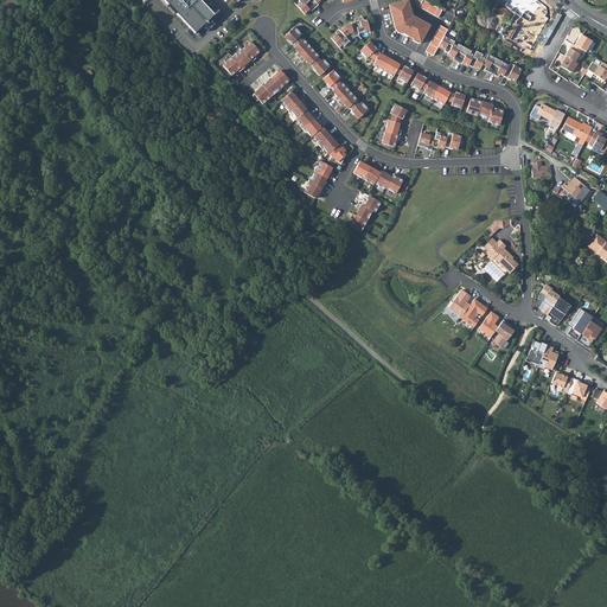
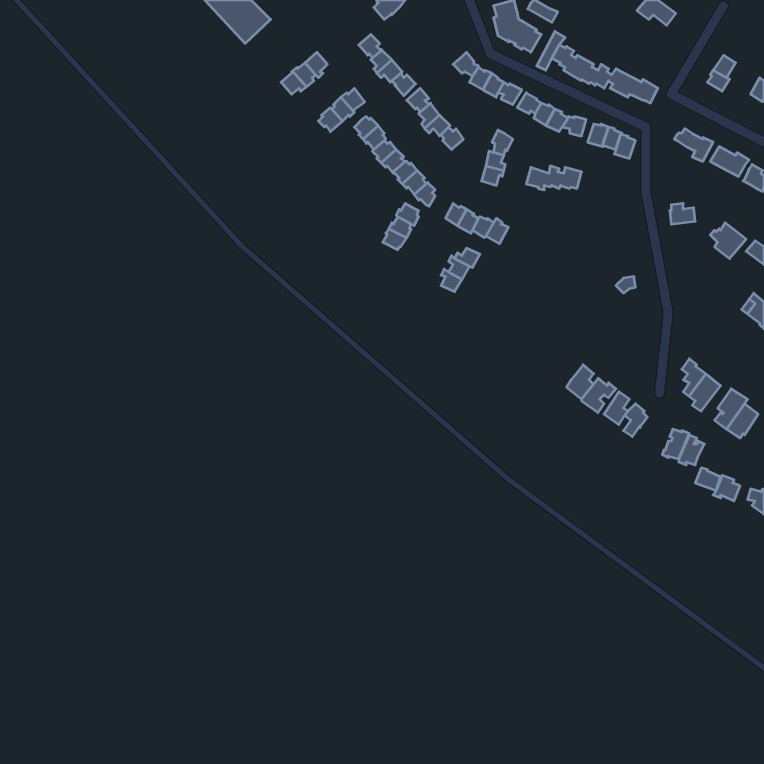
building: [331,17,370,47] -> none
building: [483,238,518,273] -> none

